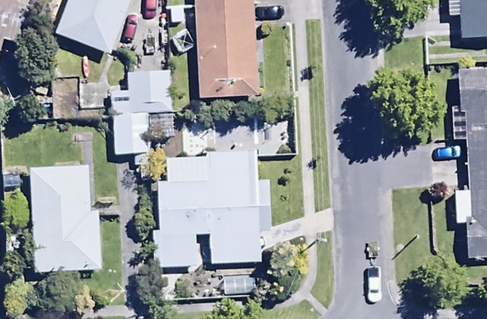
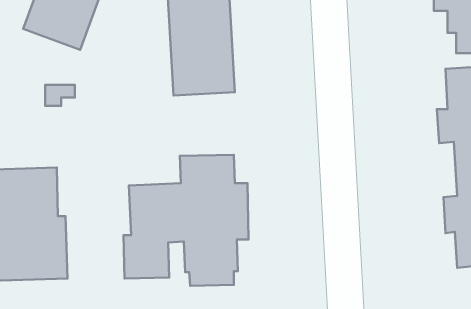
building: [111,69,172,165] -> none

